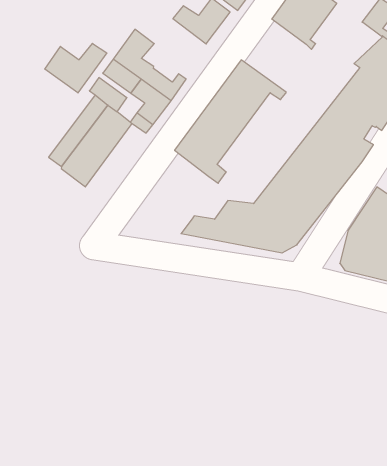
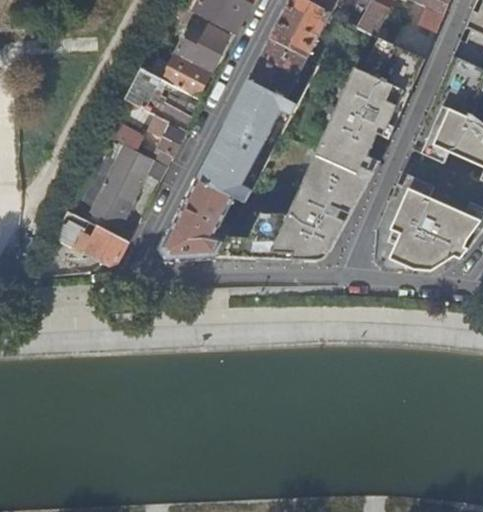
building: none -> [163,51,212,96]
building: none -> [248,36,308,104]
building: [45,43,107,93] -> none
building: none -> [162,177,235,258]
building: none -> [53,209,129,265]

